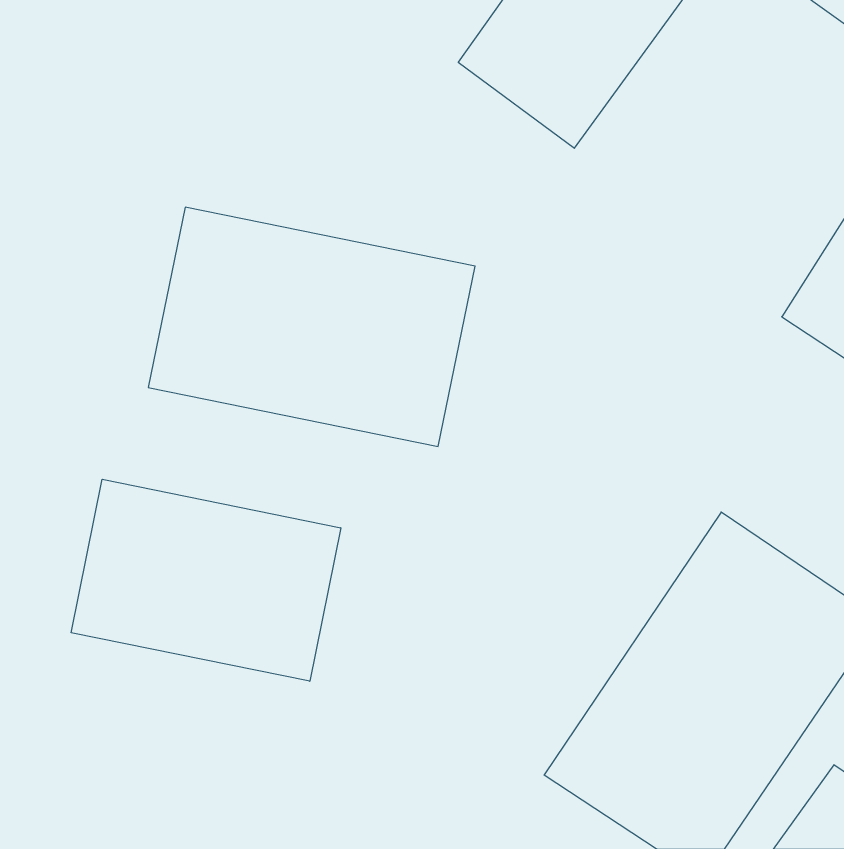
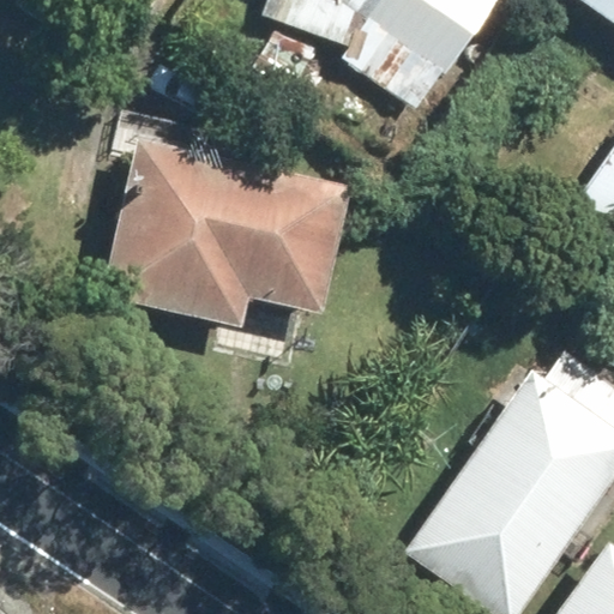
building: [71,479,341,681] -> none

